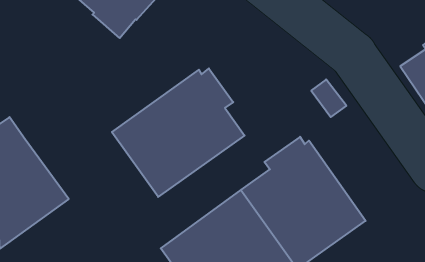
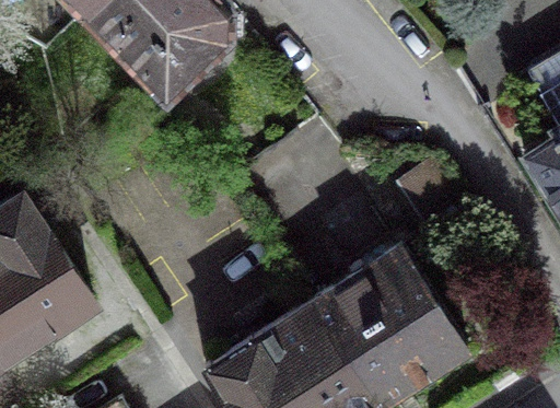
building: [112,68,245,197] -> none

